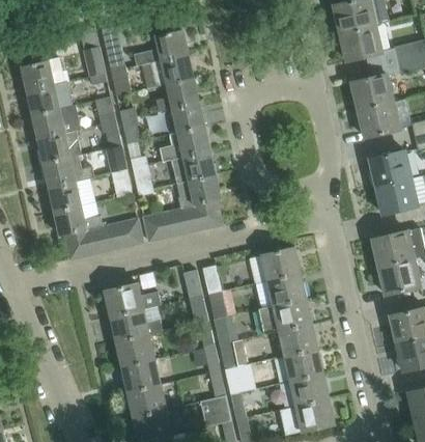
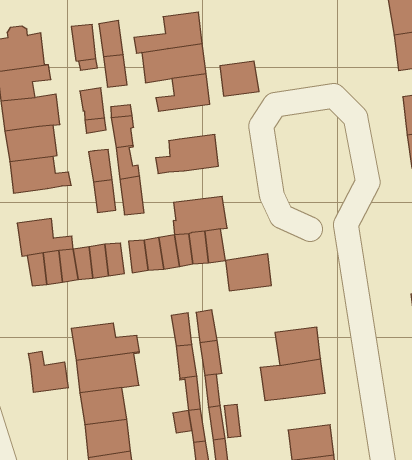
building: [171,102,204,132] -> [220,61,259,96]
building: [170,150,215,183] -> none
building: [48,177,91,211] -> none
building: [261,247,300,279] -> [226,254,271,291]
building: none -> [28,351,68,392]
building: [278,324,317,356] -> none

